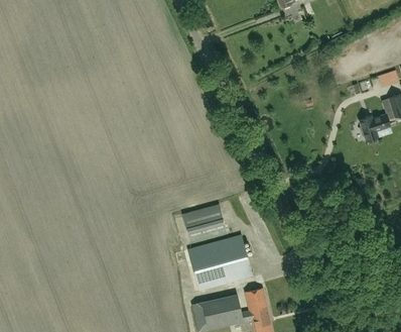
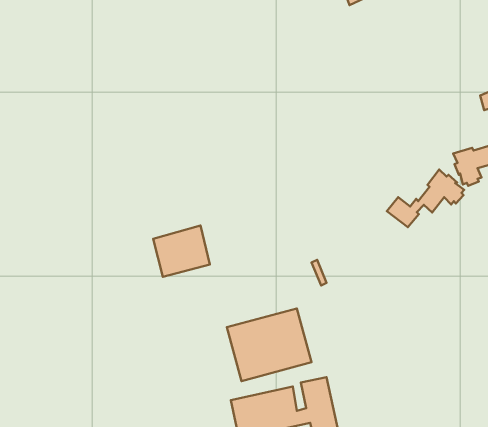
building: none -> [387,169,464,227]
building: [183,204,226,242] -> [153,225,210,277]

